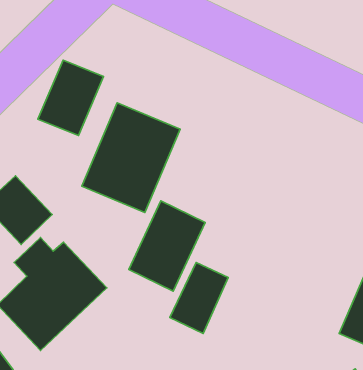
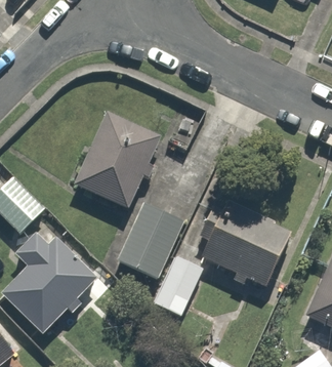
building: [38,60,104,135] -> none
building: none -> [196,196,293,290]

